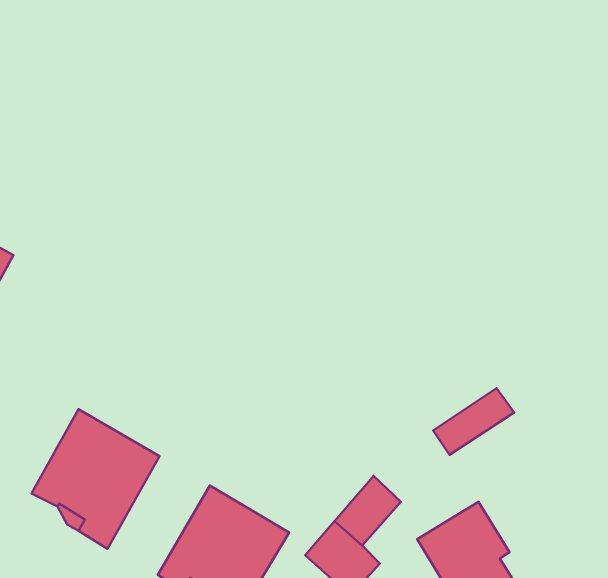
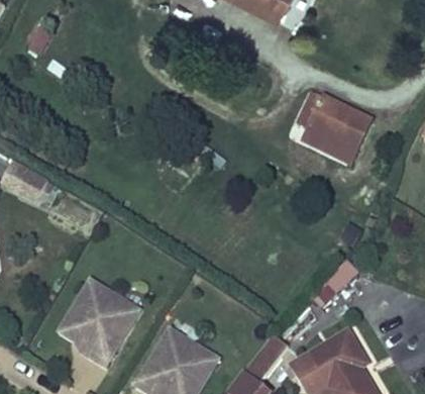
building: none -> [293,88,369,163]

